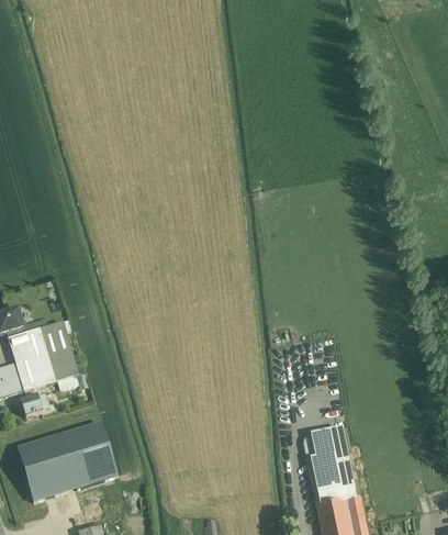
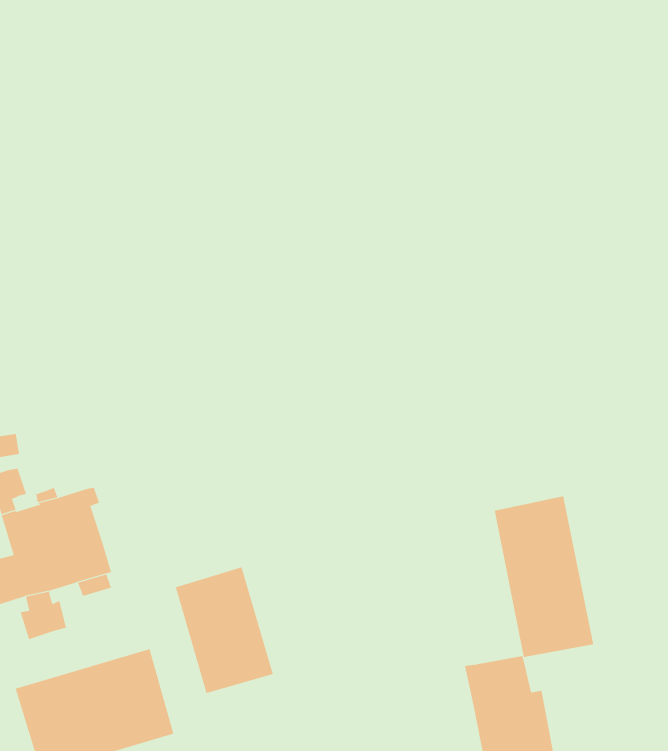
building: none -> [494,495,594,658]
building: none -> [175,567,274,694]

